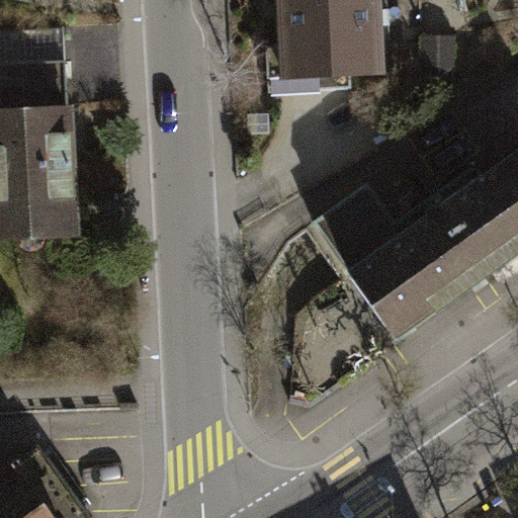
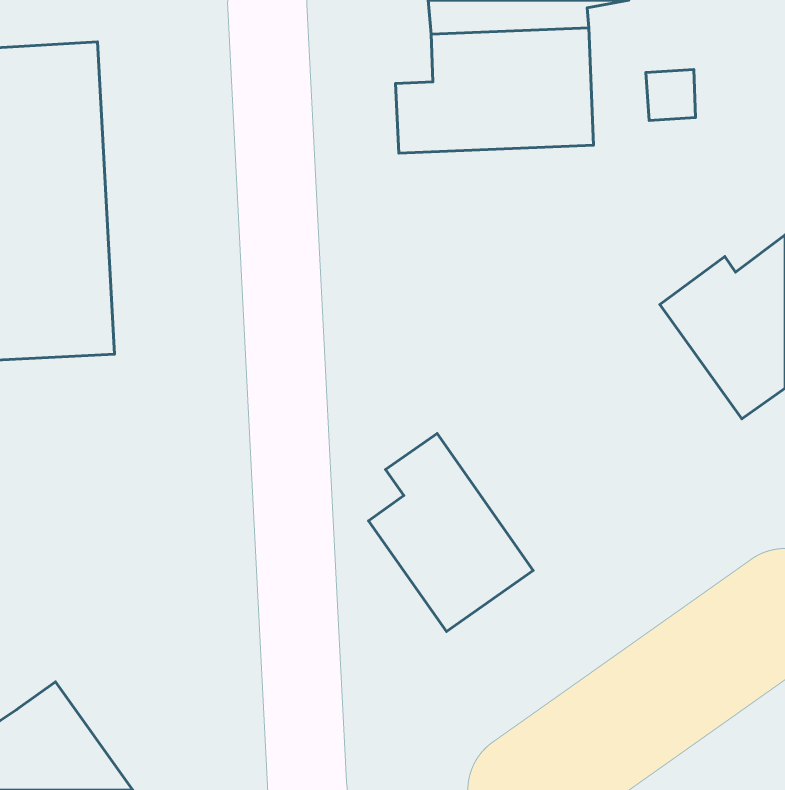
building: [314,185,486,338] -> none
building: none -> [369,434,533,632]

